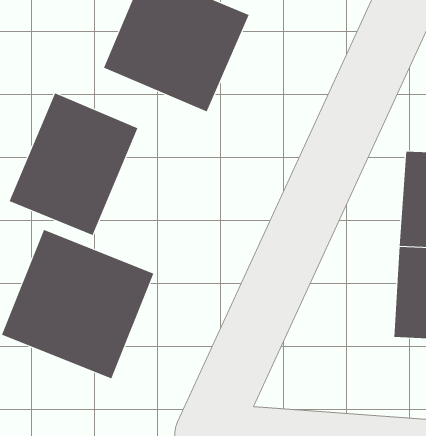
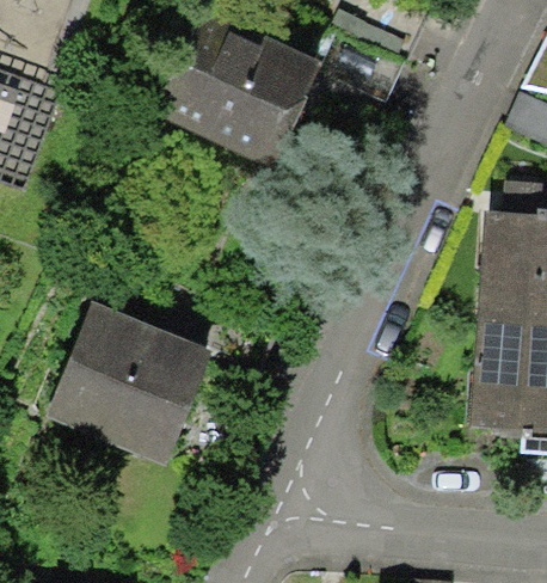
building: [9,93,138,236] -> none

